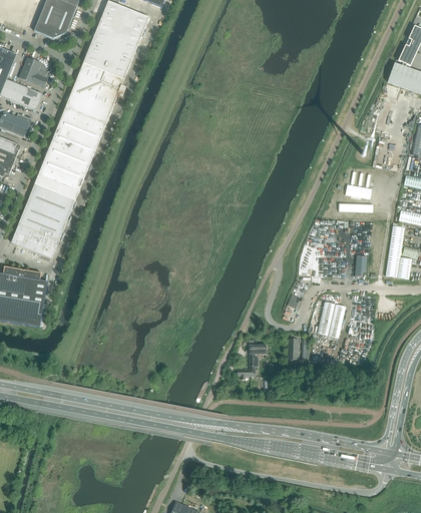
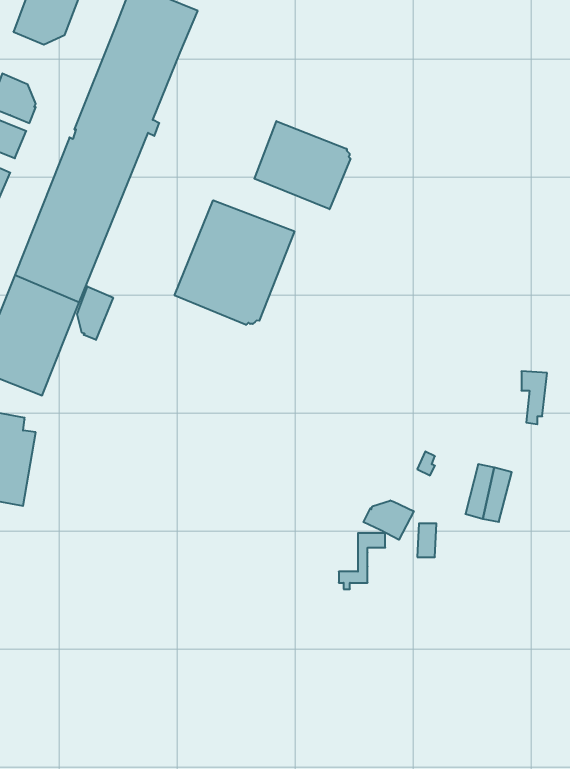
building: none -> [254,121,350,209]
building: none -> [175,200,294,325]
building: none -> [77,286,113,340]
building: none -> [363,500,414,540]

